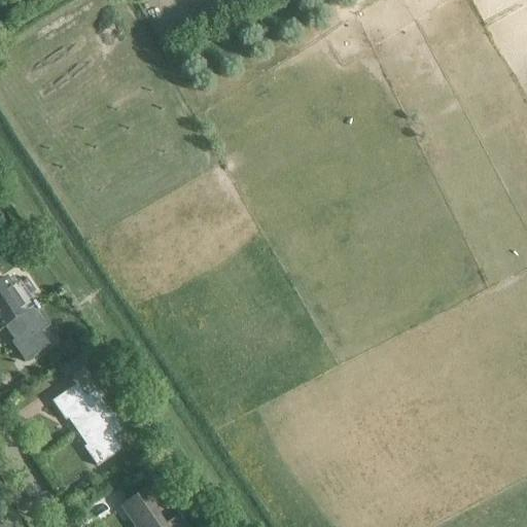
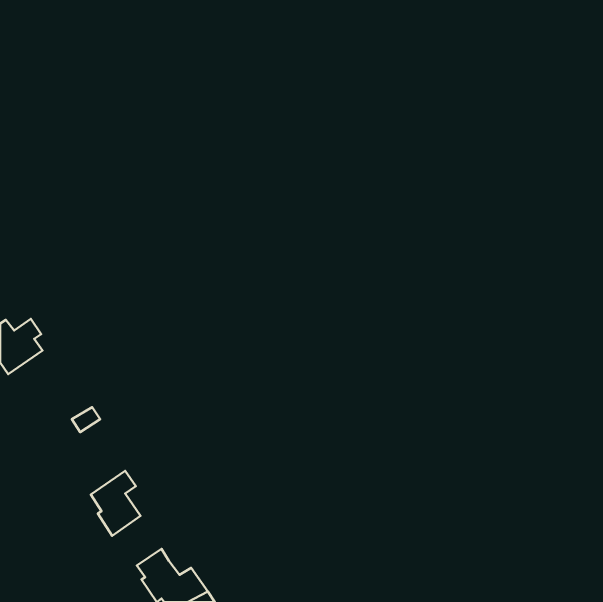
building: [7,306,50,362] -> none
building: [52,384,109,431] -> none

